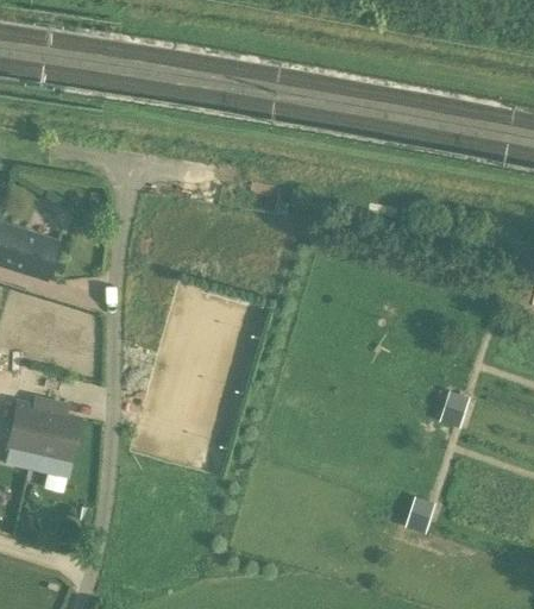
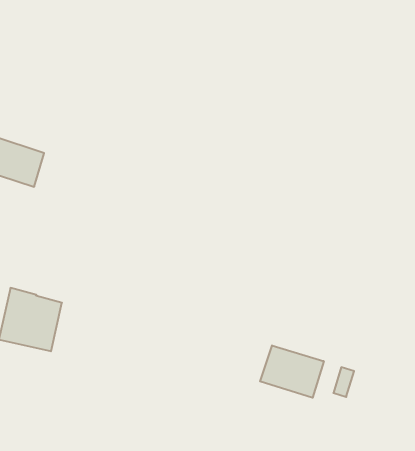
building: [438,389,467,426] -> none
building: none -> [260,345,324,398]

